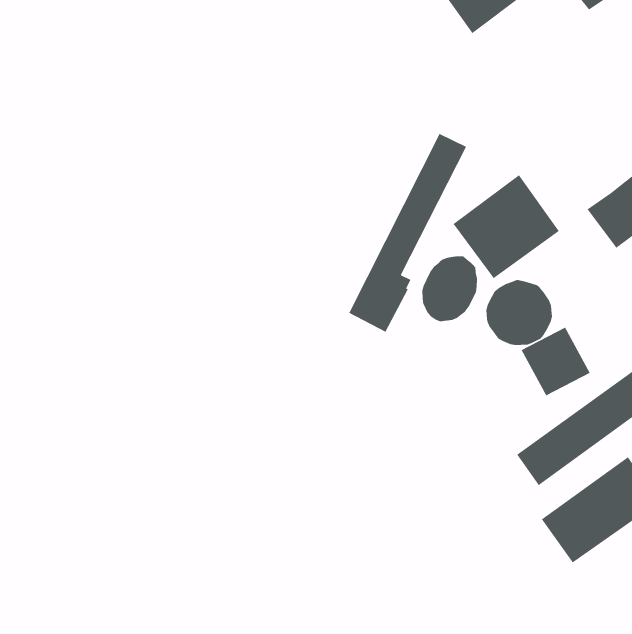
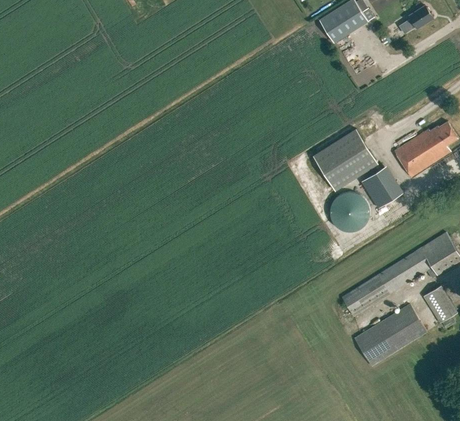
building: [348,133,467,333] -> none
building: [422,255,478,322] -> none
building: [521,327,591,396] -> [366,166,407,207]

